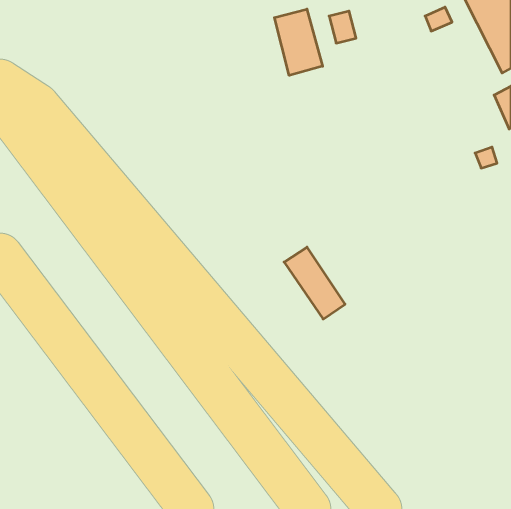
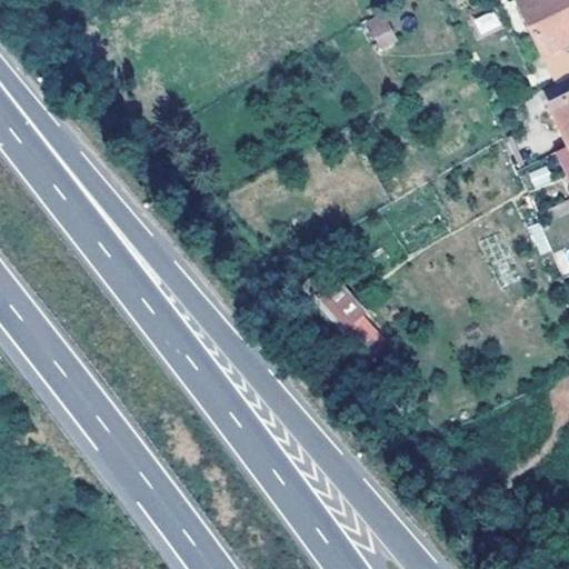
building: [274,9,323,75] -> none

